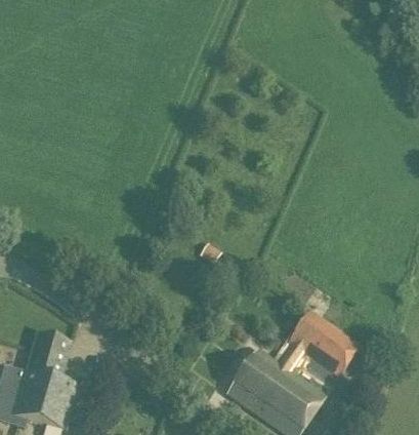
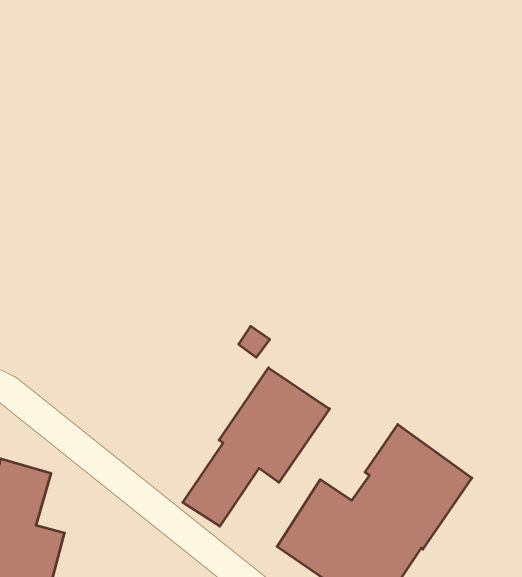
building: none -> [183,368,330,526]

